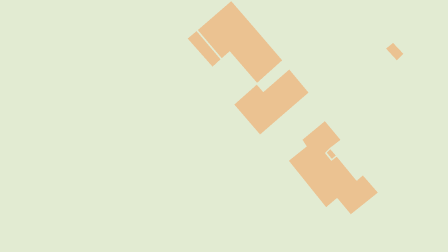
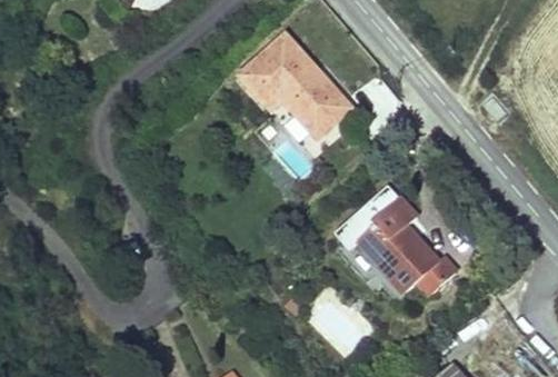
building: [234,69,309,135] -> none

